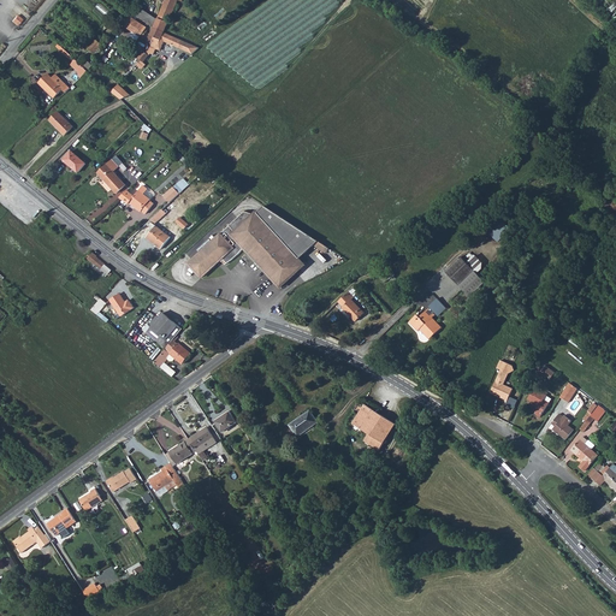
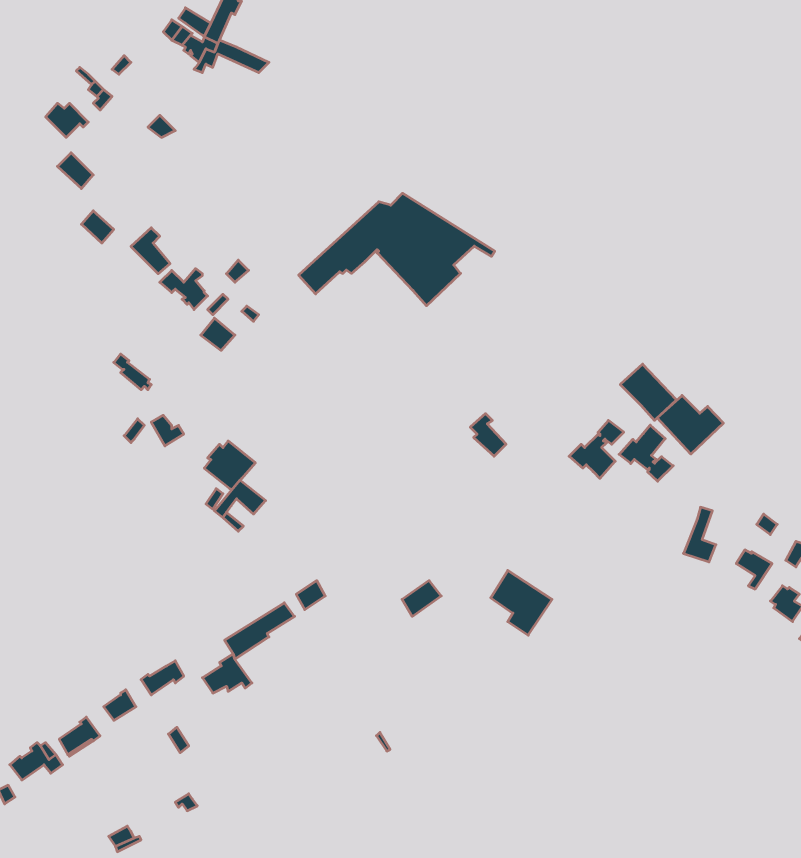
building: [190,205,328,284] -> [299,193,495,306]
building: none -> [657,395,723,454]
building: none -> [619,425,673,481]

